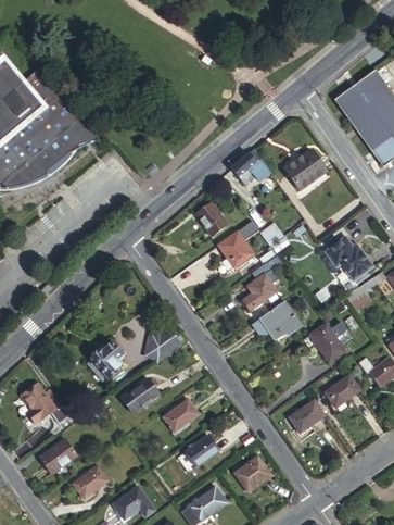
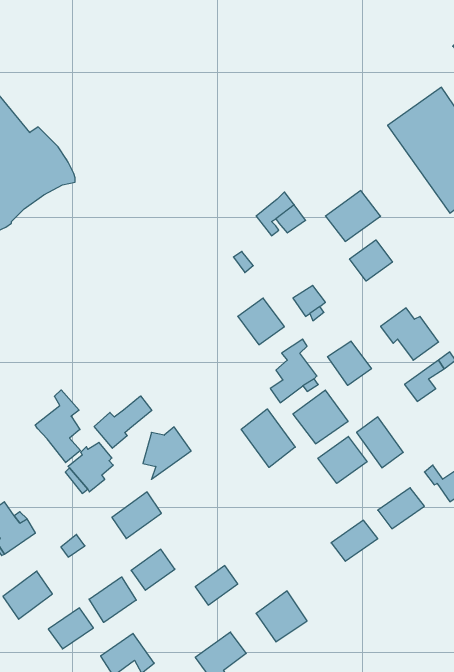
building: none -> [350,240,392,281]
building: [195,201,228,235] -> none
building: none -> [328,341,371,385]
building: none -> [35,390,80,463]
building: none -> [94,396,152,448]
building: none -> [241,409,295,467]
building: none -> [318,436,367,483]
building: [165,400,199,432] -> [131,549,175,590]
building: none -> [89,577,136,622]

